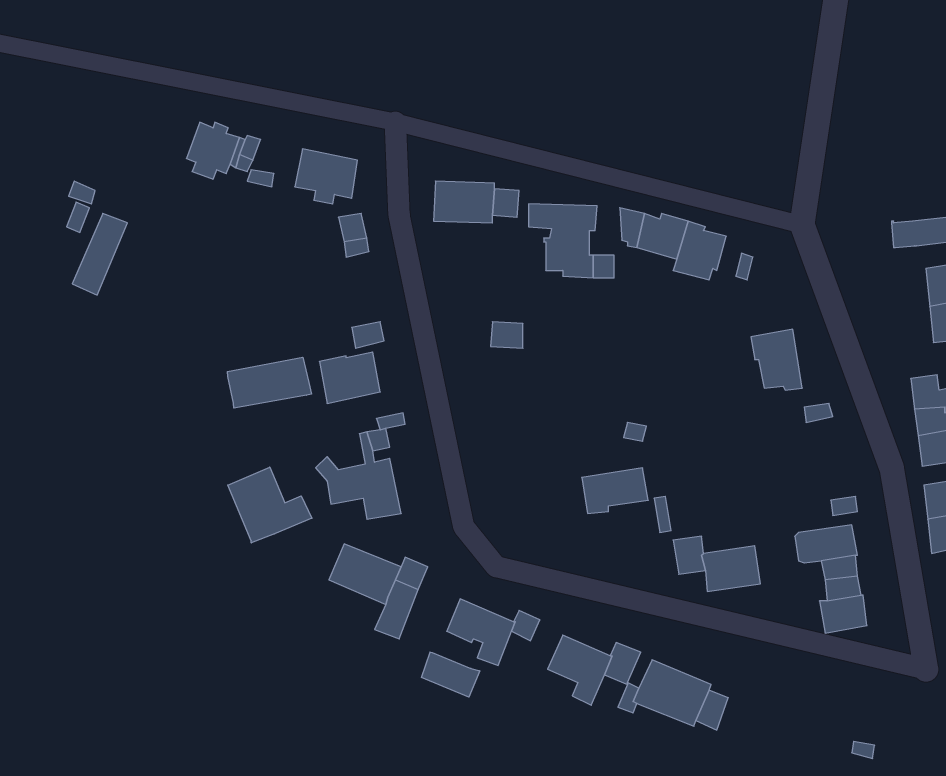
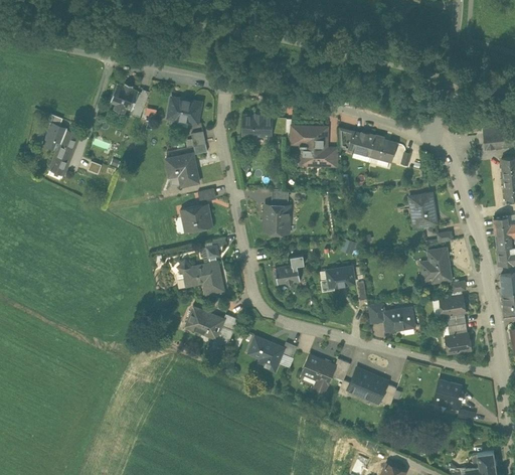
building: none -> [166,153,199,185]
building: none -> [264,204,290,232]
building: [227,357,311,408] -> none
building: none -> [420,248,452,281]
building: none -> [276,255,305,284]
building: [228,467,312,543] -> none
building: [422,652,480,697] -> none
building: none -> [434,379,463,409]

